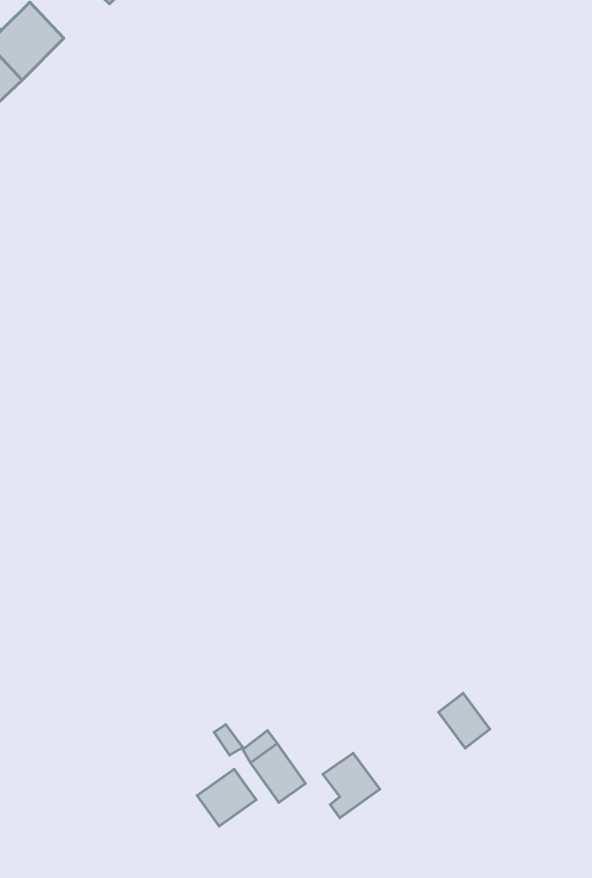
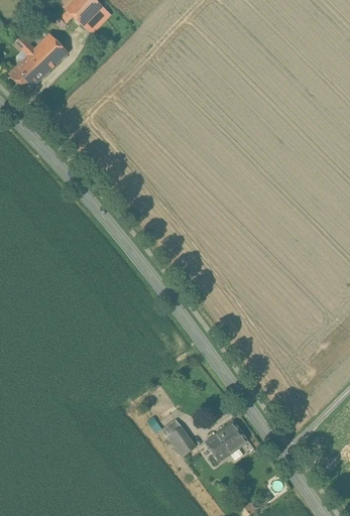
building: [438,693,490,748] -> [221,420,248,449]
building: [197,769,256,826] -> none

